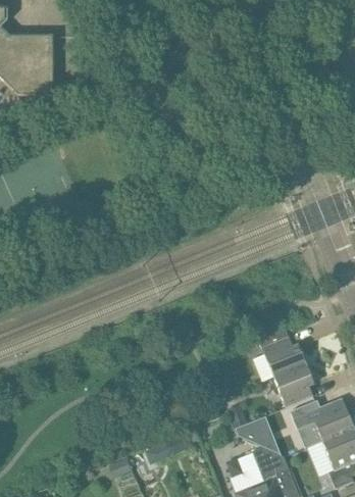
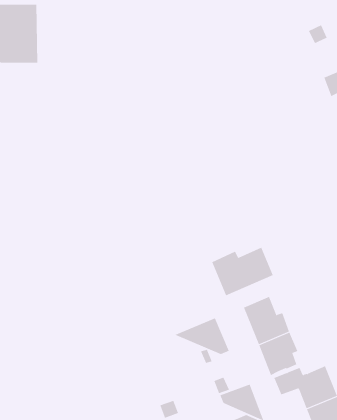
building: none -> [211,247,273,296]
building: none -> [174,318,230,355]

